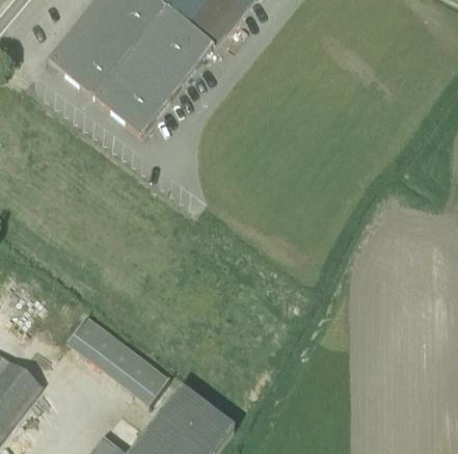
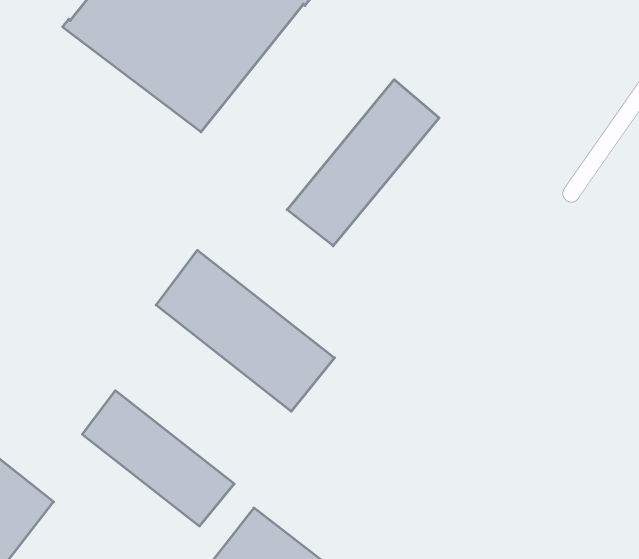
building: none -> [287,80,439,246]
building: none -> [156,250,335,411]

